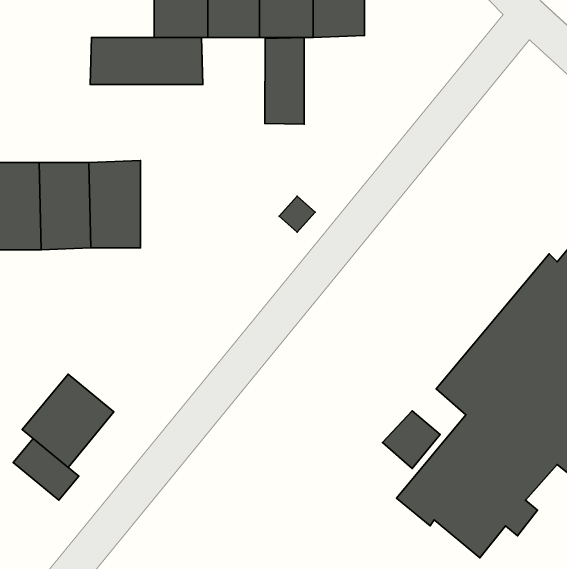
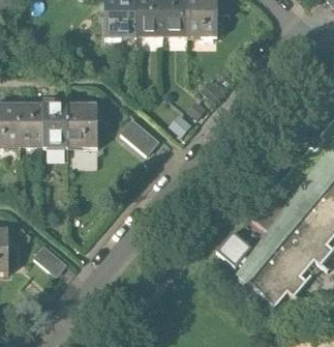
building: [90,37,203,85] -> none
building: [265,37,304,124] -> none
building: none -> [118,119,156,155]
building: [22,374,114,467] -> none

